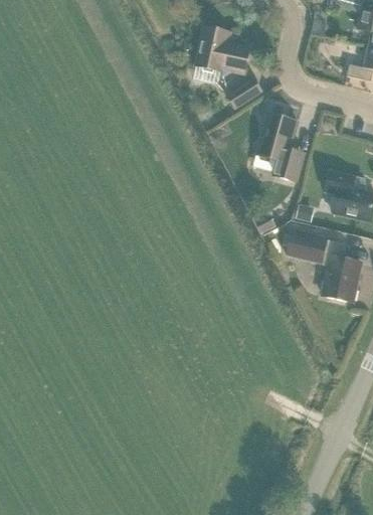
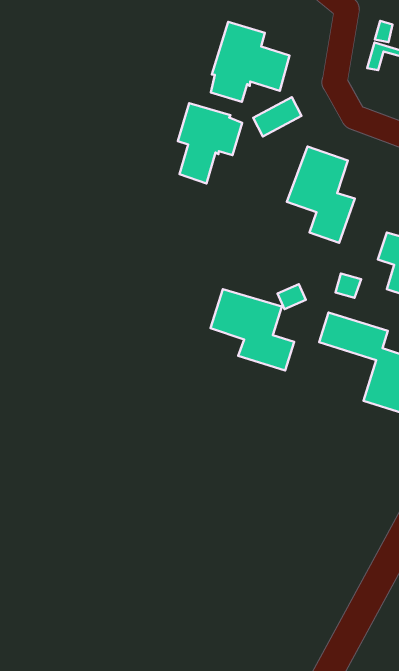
building: none -> [178,103,242,184]
building: none -> [210,289,294,371]

